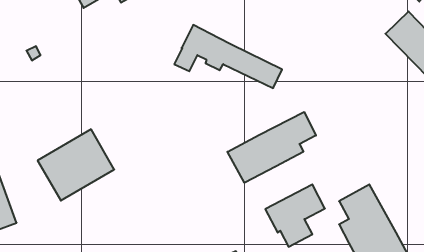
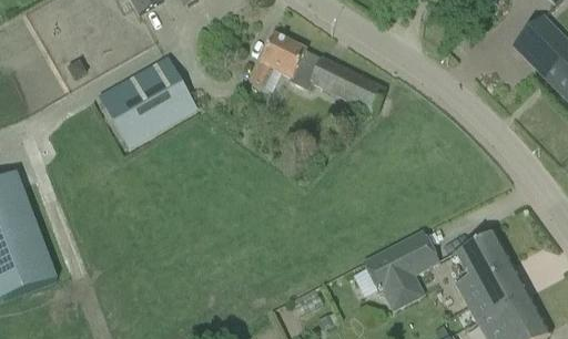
building: [227,112,316,183] -> none
building: [38,129,114,201] -> [100,57,195,145]

